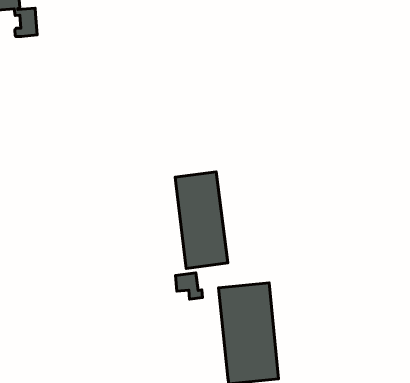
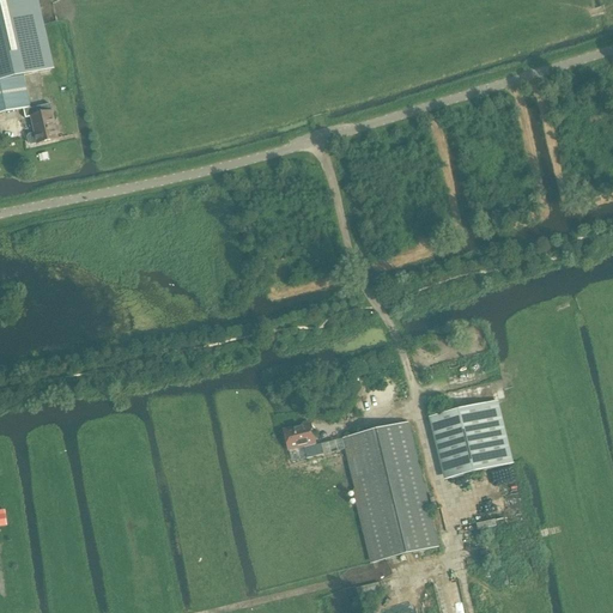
building: [175,172,228,268] -> none
building: none -> [433,399,510,475]

